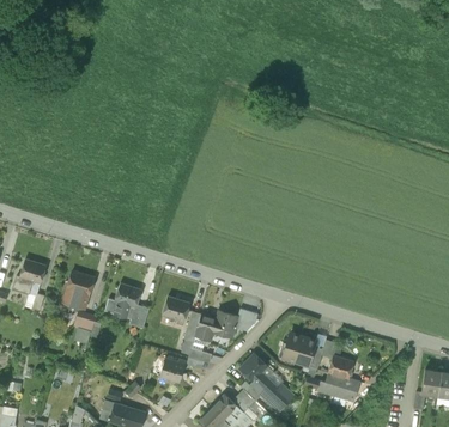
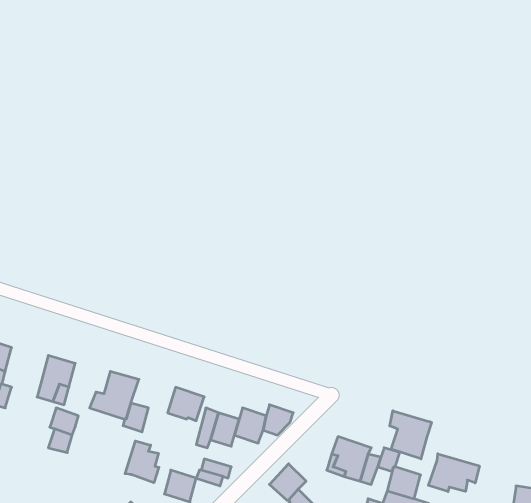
building: none -> [390,411,432,459]
building: none -> [125,441,159,483]
building: none -> [428,454,479,492]

